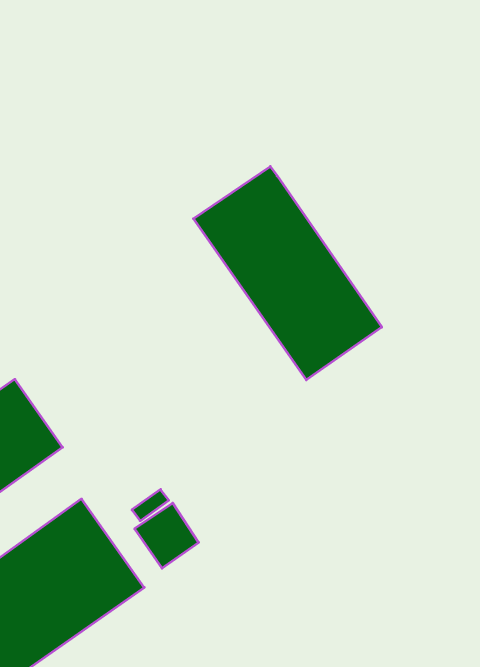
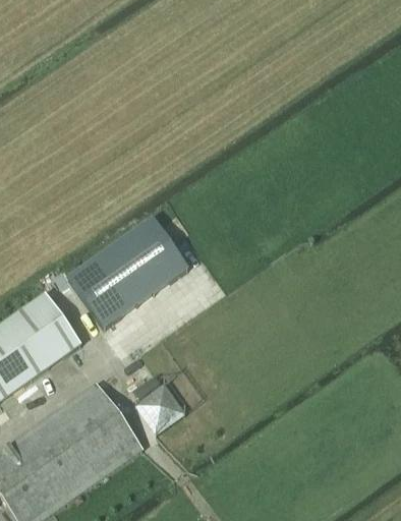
building: [193,166,382,380] -> none
building: none -> [69,216,189,326]

